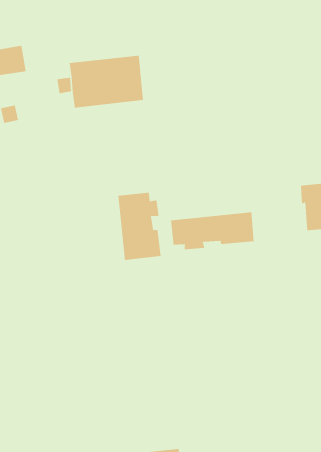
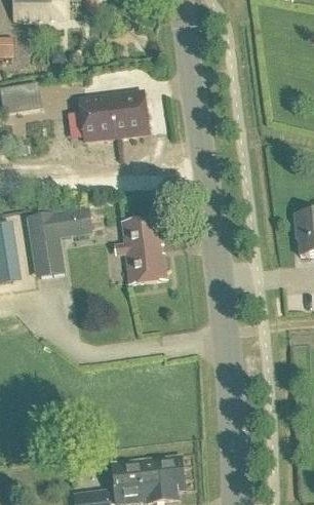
building: none -> [31,208,91,276]
building: [171,211,254,250] -> none

